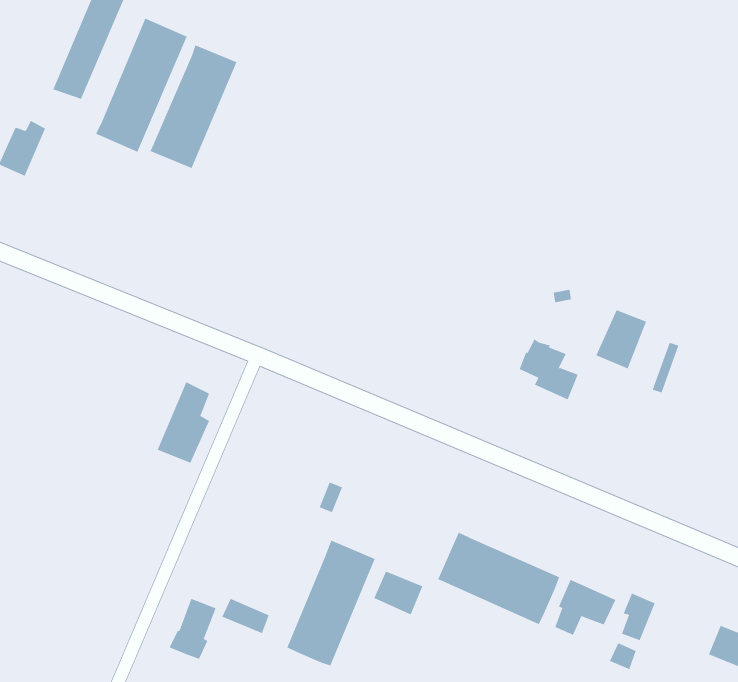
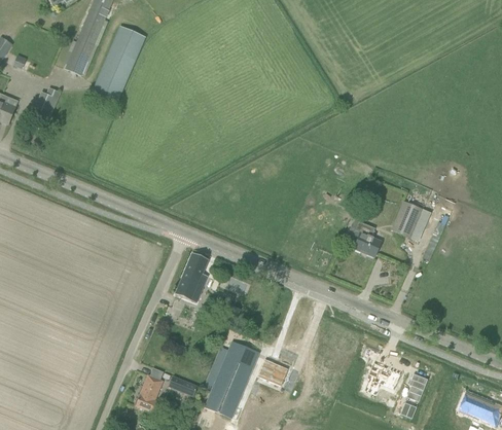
building: [150,45,237,169] -> none
building: [157,382,210,464] -> [175,252,207,301]
building: [438,532,560,625] -> none

